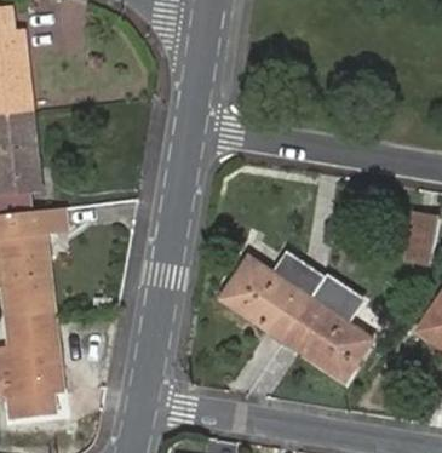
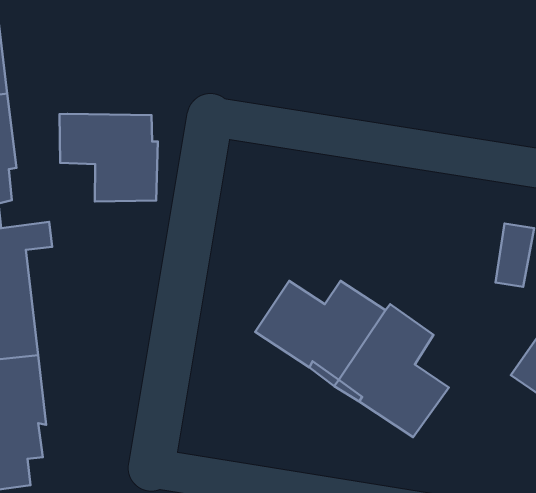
building: none -> [60,114,158,202]

